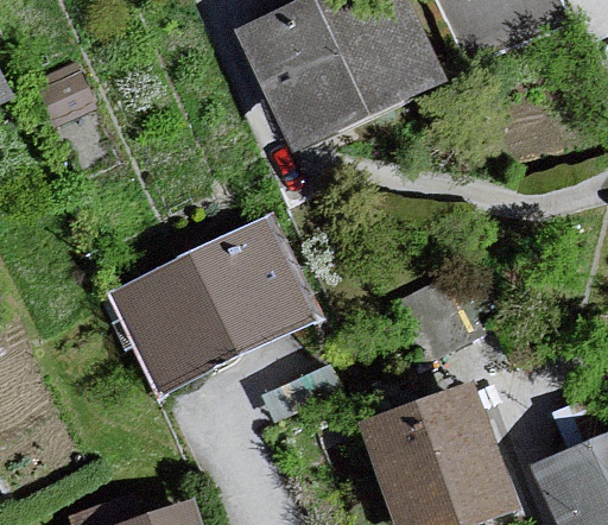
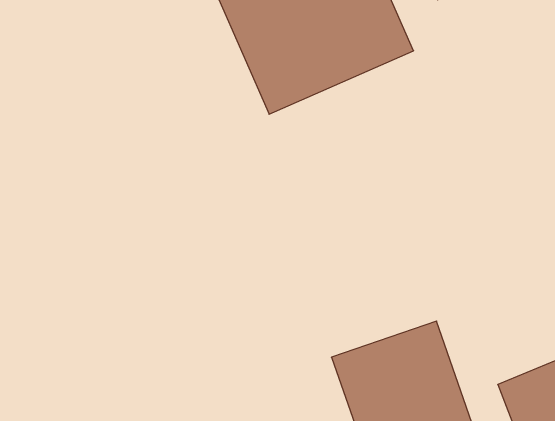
building: [109,219,312,394] -> none

